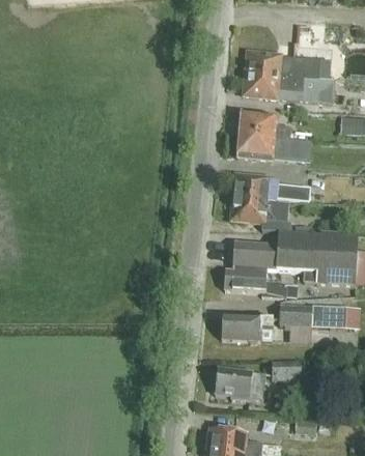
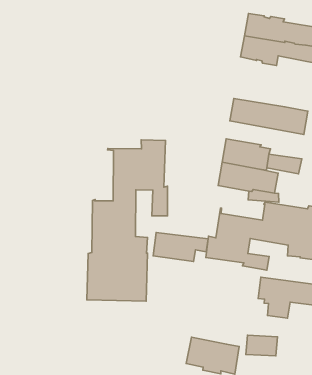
building: [240,112,290,138] -> none
building: none -> [87,140,168,301]
building: [221,315,273,340] -> [153,232,208,261]

